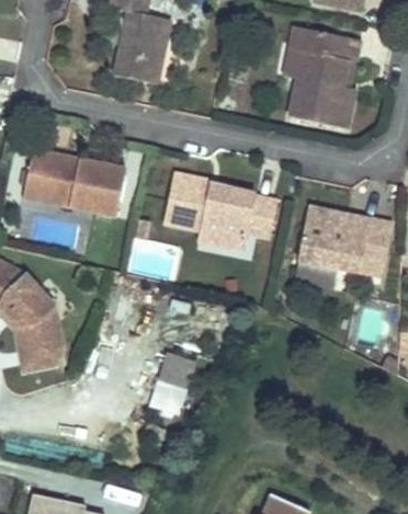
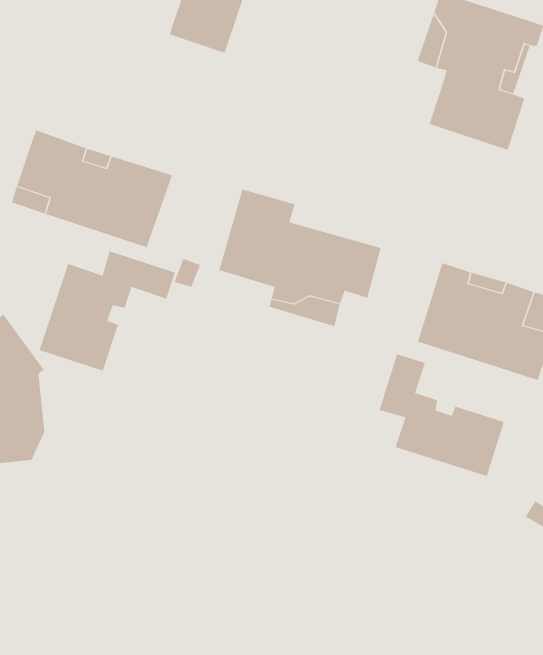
building: none -> [39,250,176,371]
building: none -> [379,354,504,477]
building: [151,353,196,414] -> none

